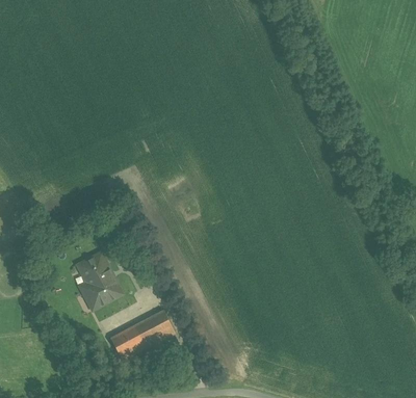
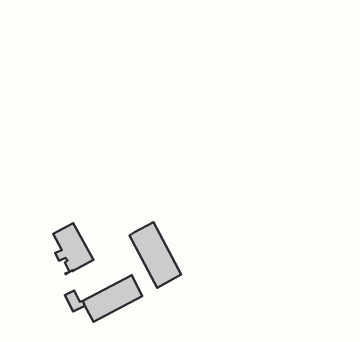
building: none -> [130,222,181,288]

